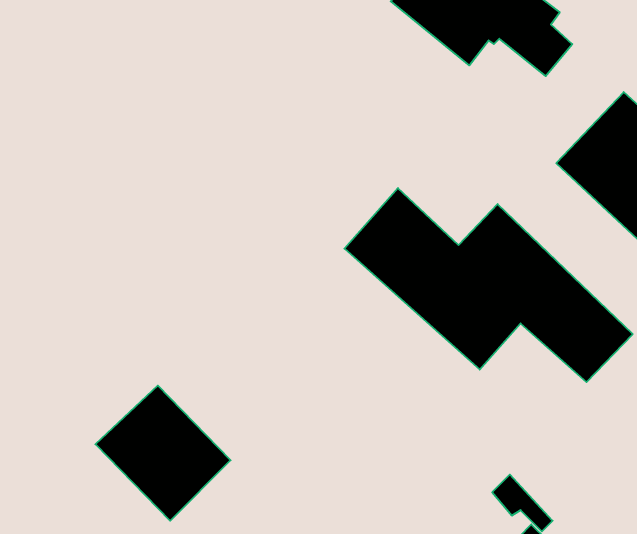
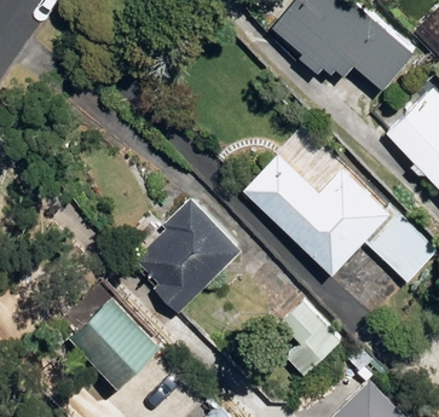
building: none -> [138,198,243,312]
building: none -> [273,306,336,383]

